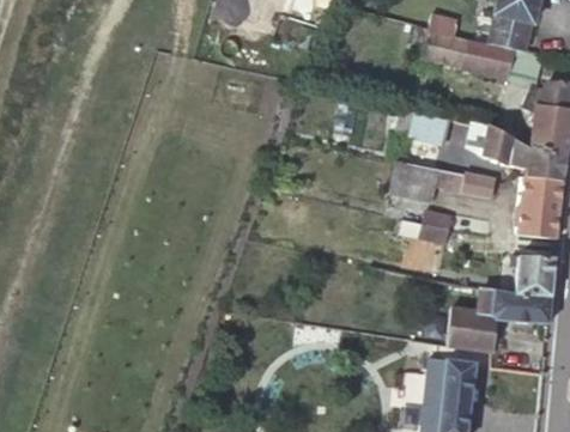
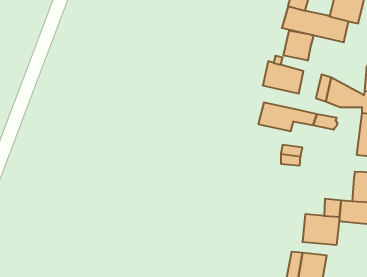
building: none -> [284,30,313,61]

